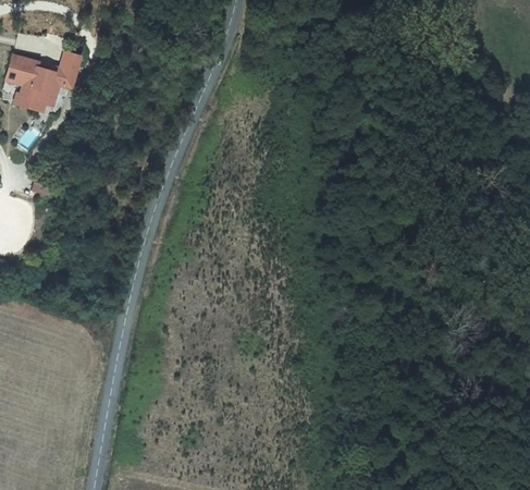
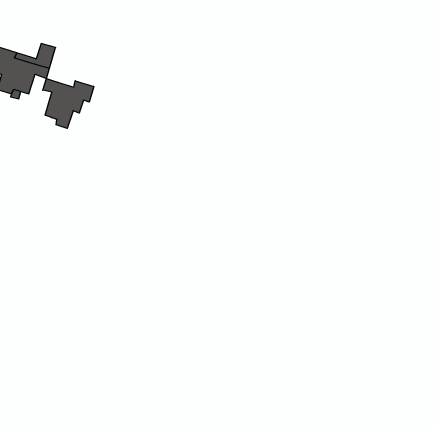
building: none -> [43,78,94,128]

